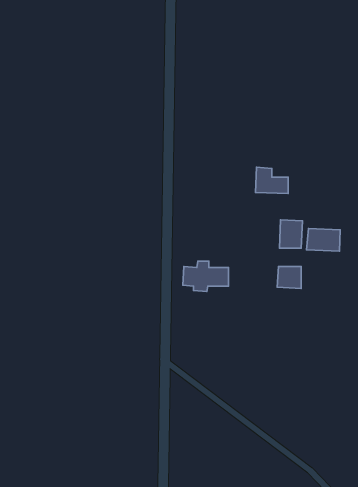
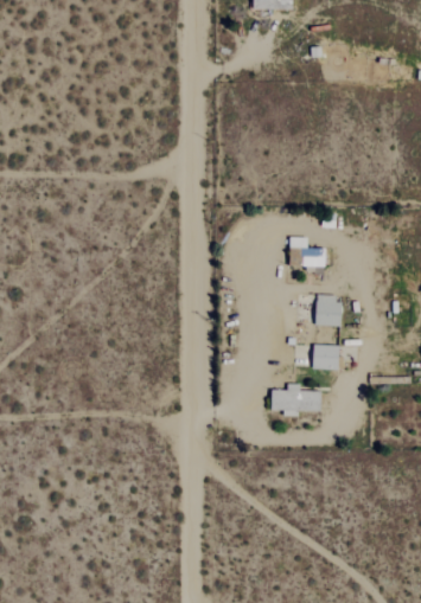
building: [307,229,340,251] -> none
building: [183,261,229,292] -> [272,384,321,417]

